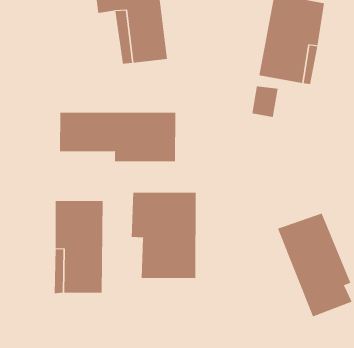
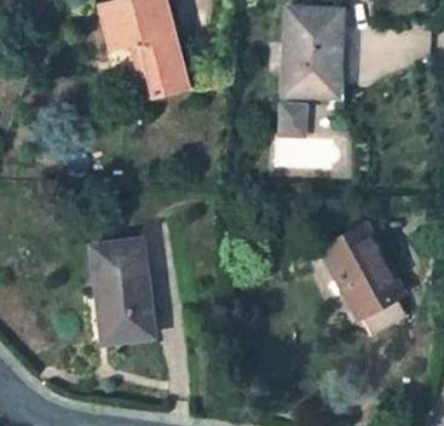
building: [60,112,176,162] -> none
building: [131,192,196,279] -> none

